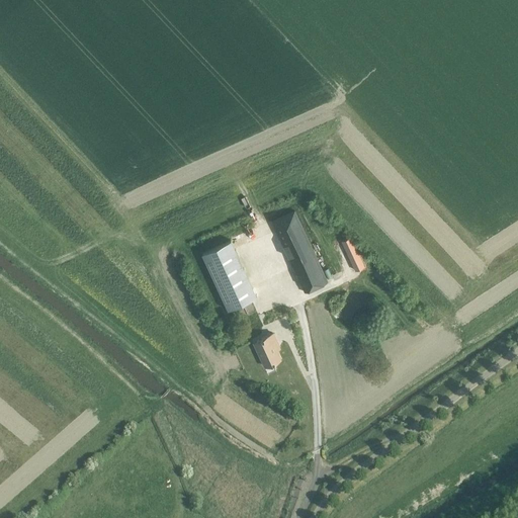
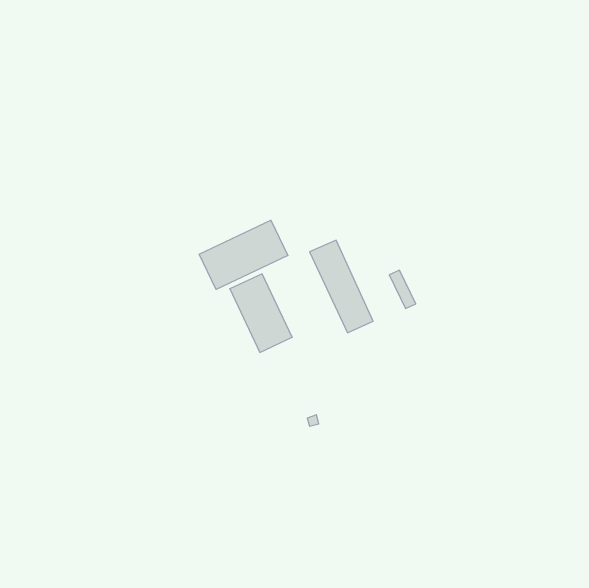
building: none -> [199,220,288,289]
building: [257,335,281,368] -> none

